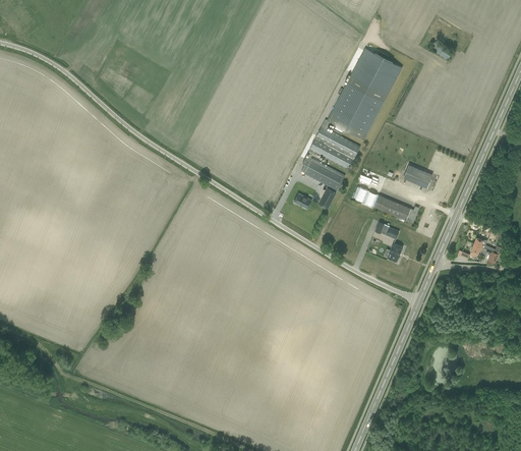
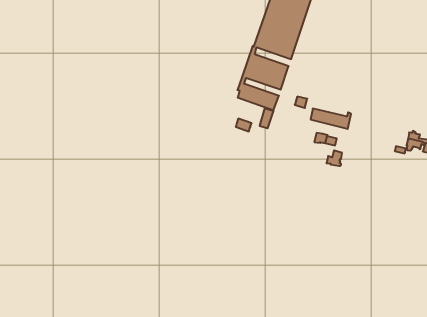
building: [403,165,432,187] -> none

